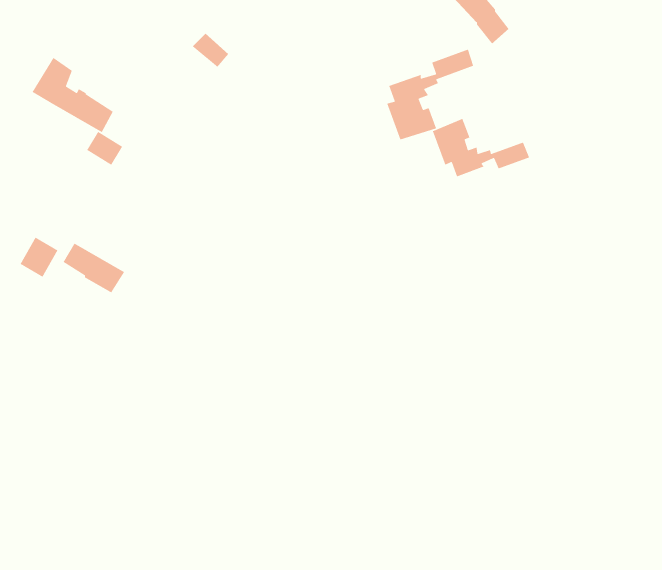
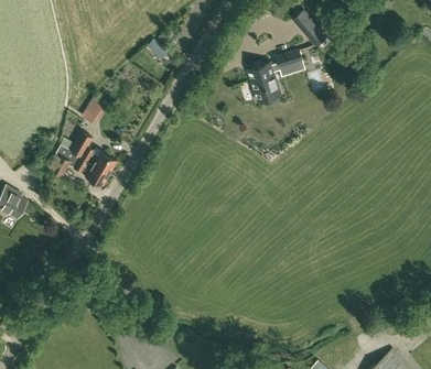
building: [32,57,114,133] -> [69,131,116,174]
building: [432,118,530,178] -> none

